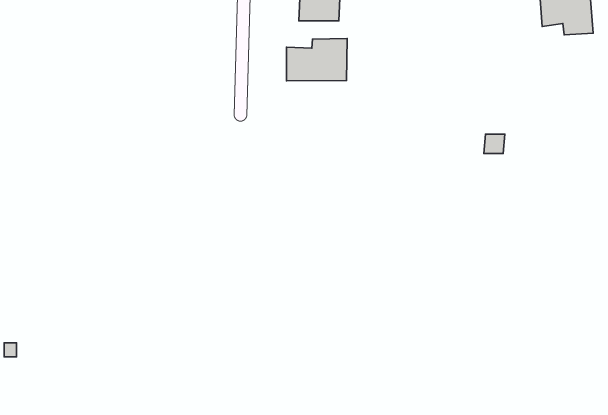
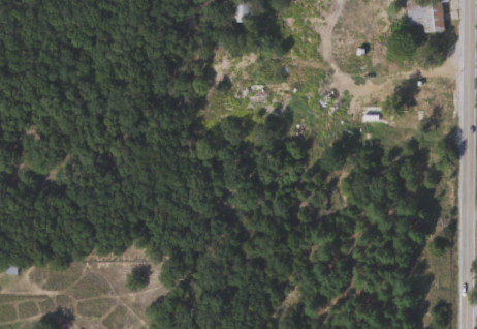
building: [287,39,347,81] -> none

